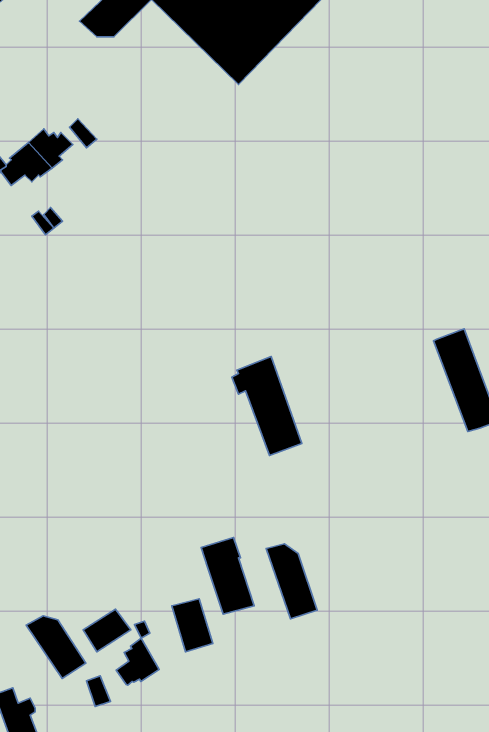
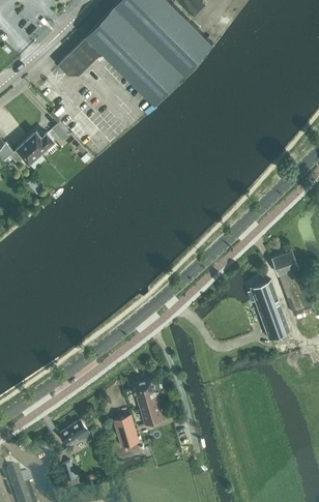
building: [232,356,302,456] -> [248,282,290,342]
building: [266,544,317,619] -> none
building: [26,616,86,679] -> none
building: [116,638,159,685] -> none

